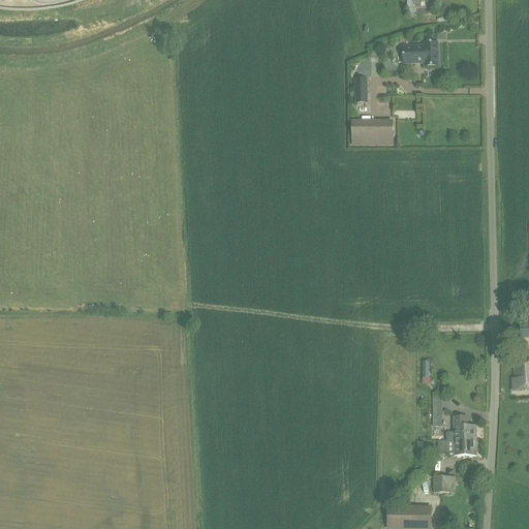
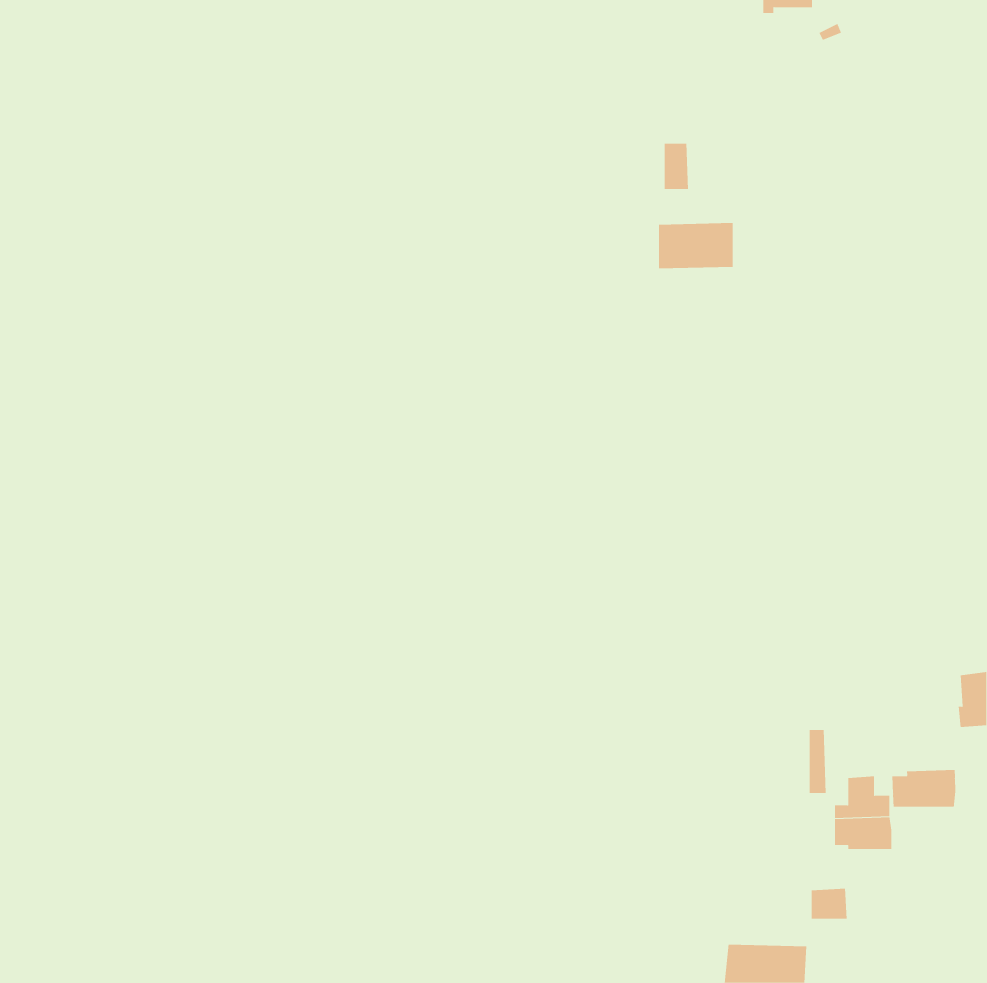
building: [403,40,438,64] -> none
building: none -> [892,769,956,807]

